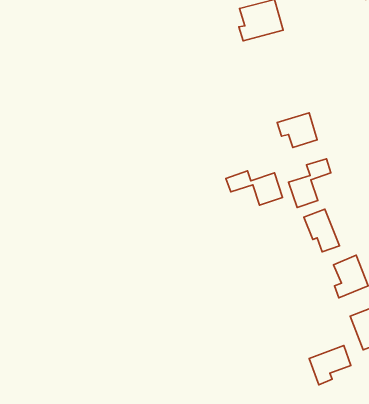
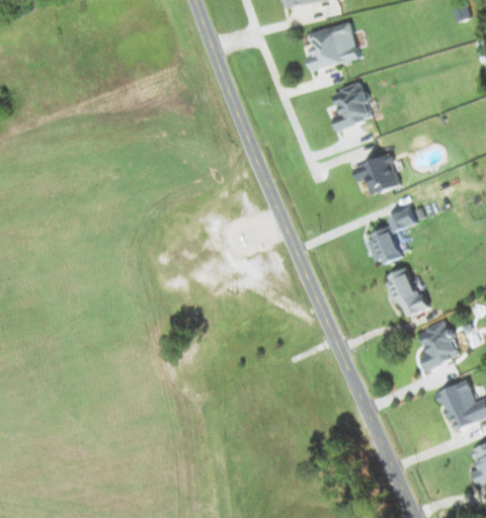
building: none -> [333,83,374,131]
building: [226,171,283,205] -> none
building: [309,345,351,385] -> none

